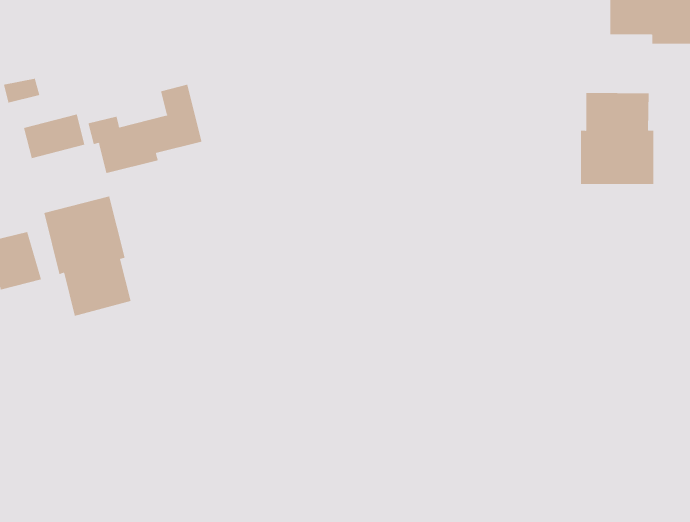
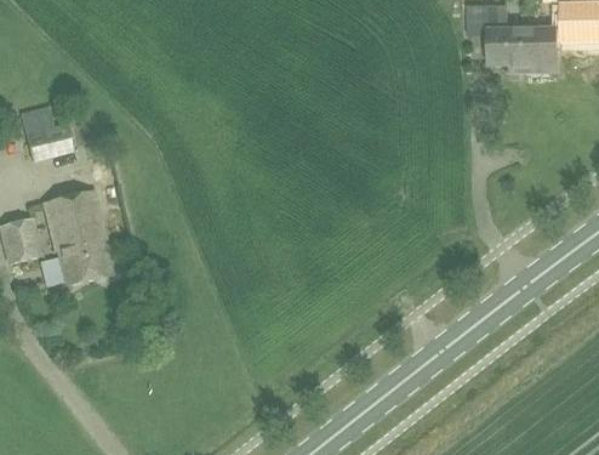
building: [88,84,202,174] -> none
building: [581,92,654,185] -> none

